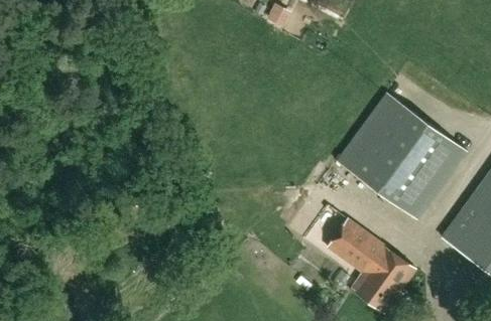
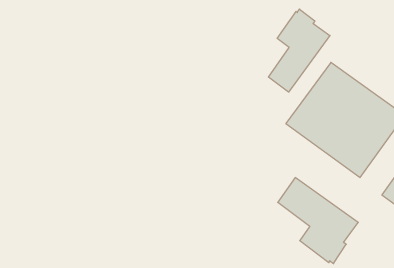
building: none -> [268,9,330,92]

